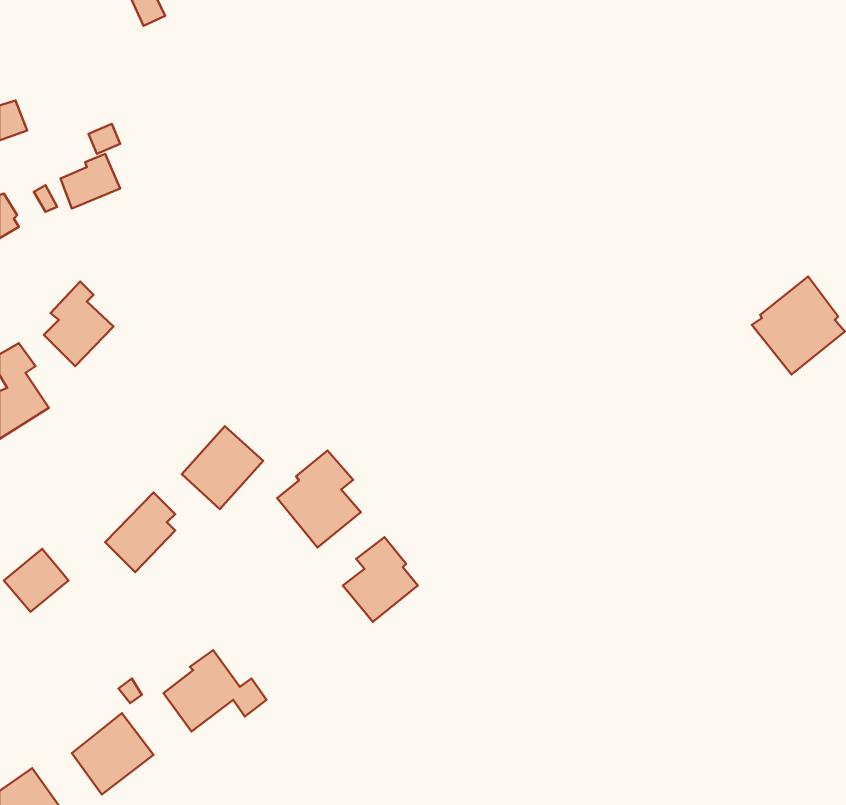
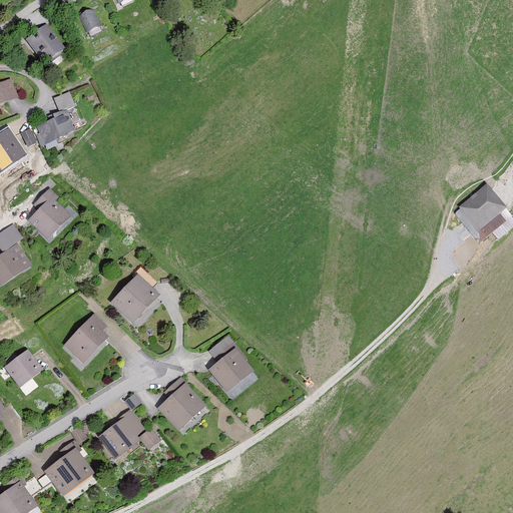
building: none -> [25,25,63,63]
building: [277,450,361,547] -> none
building: none -> [157,378,205,432]

